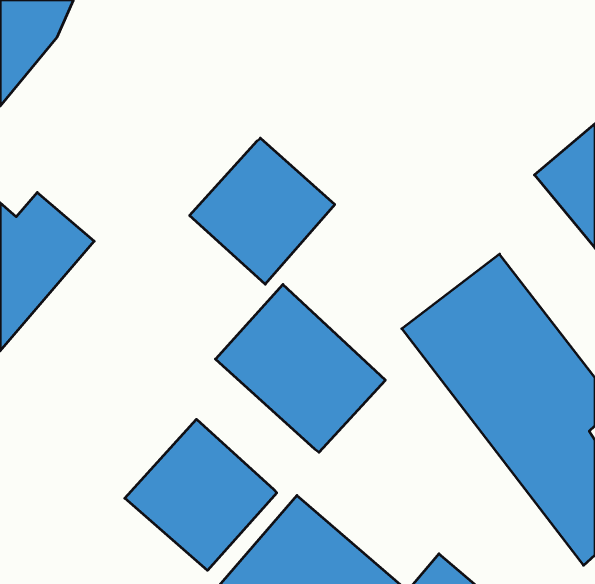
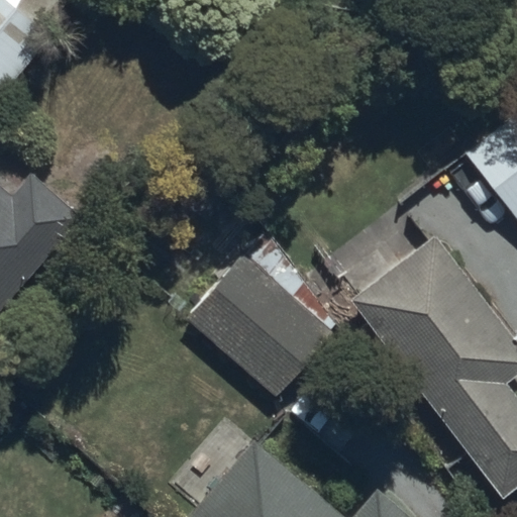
building: [190,138,335,284] -> none
building: [125,419,277,570] -> none

